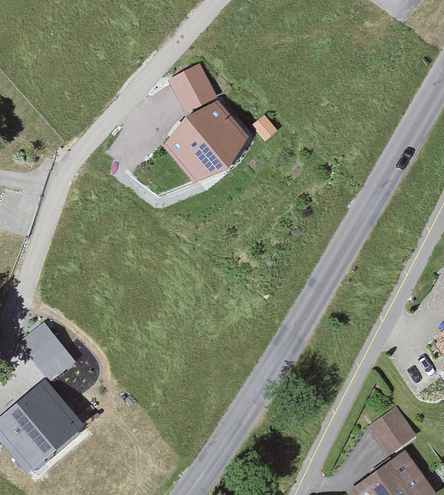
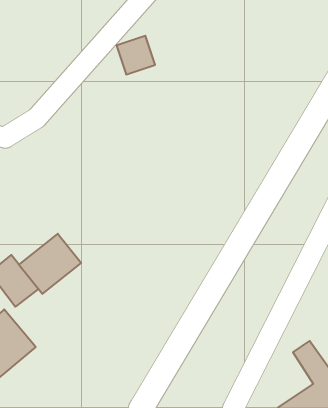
building: [166,101,244,177] -> none
building: none -> [19,234,81,294]

